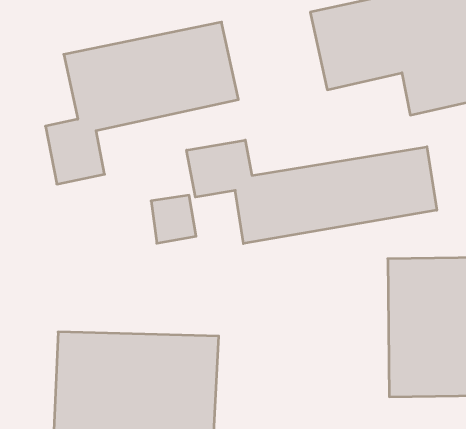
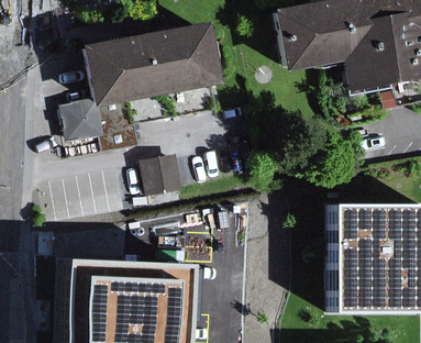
building: [187,140,437,244] -> none

